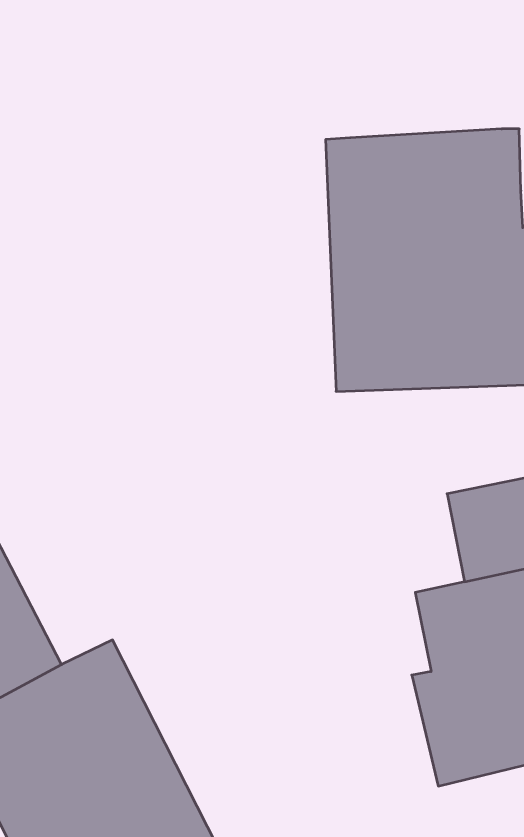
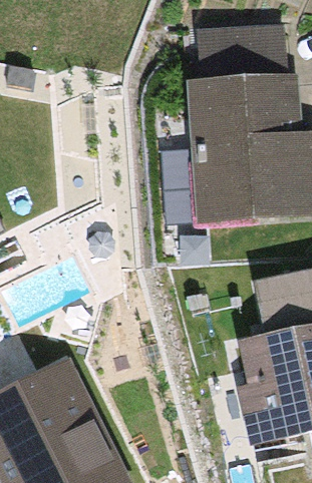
building: none -> [201,24,290,79]

